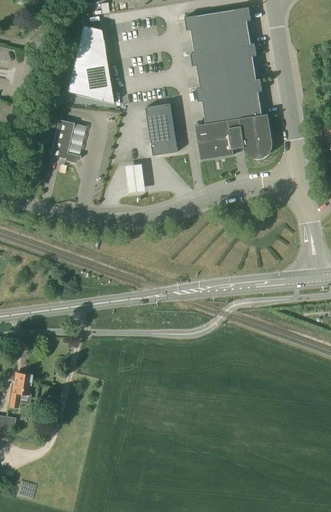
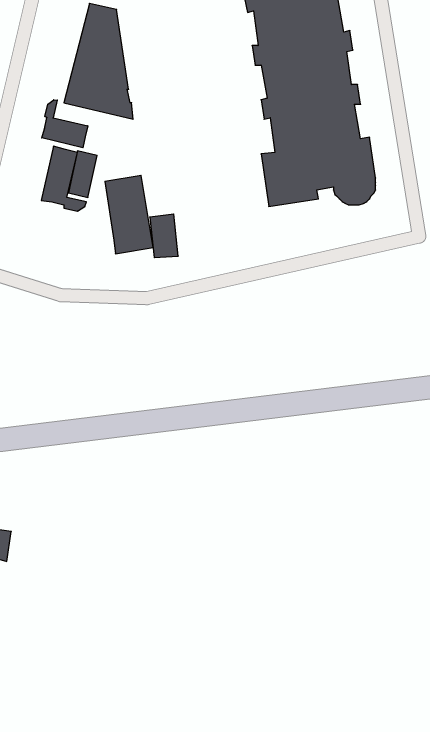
building: none -> [42,100,88,148]
building: [146,103,178,155] -> [105,175,153,254]

